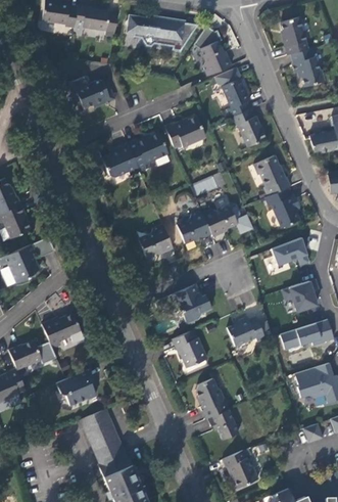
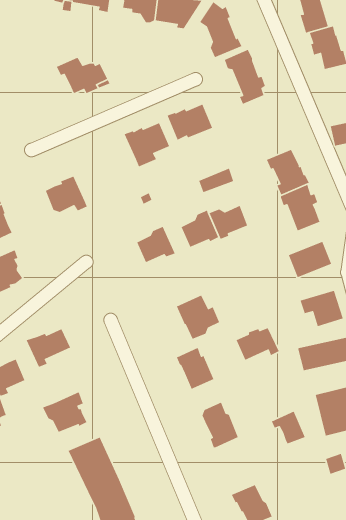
building: [231,109,267,147] -> none
building: [102,143,140,176] -> [45,175,88,213]
building: [208,410,239,440] -> [271,411,306,444]

